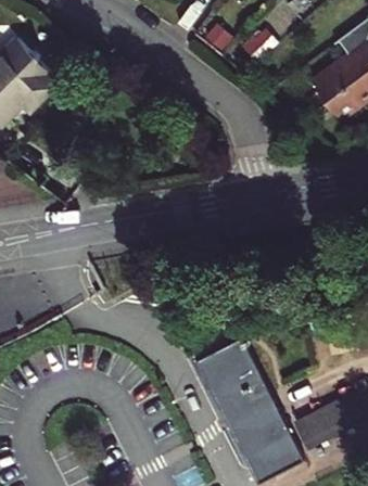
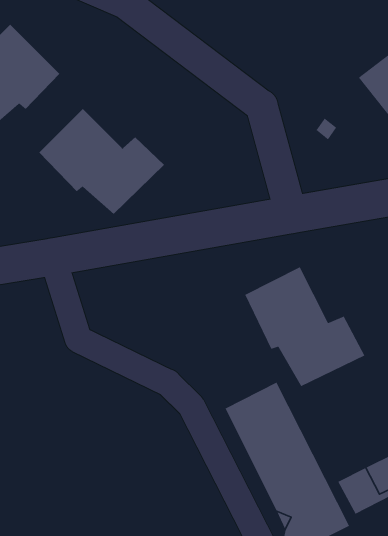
building: none -> [38,108,165,215]
building: none -> [244,266,365,387]

